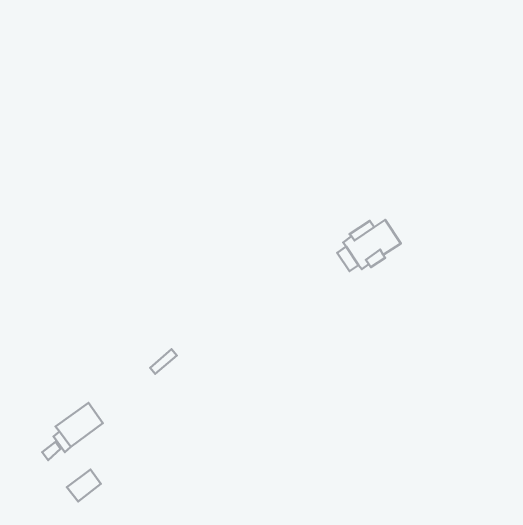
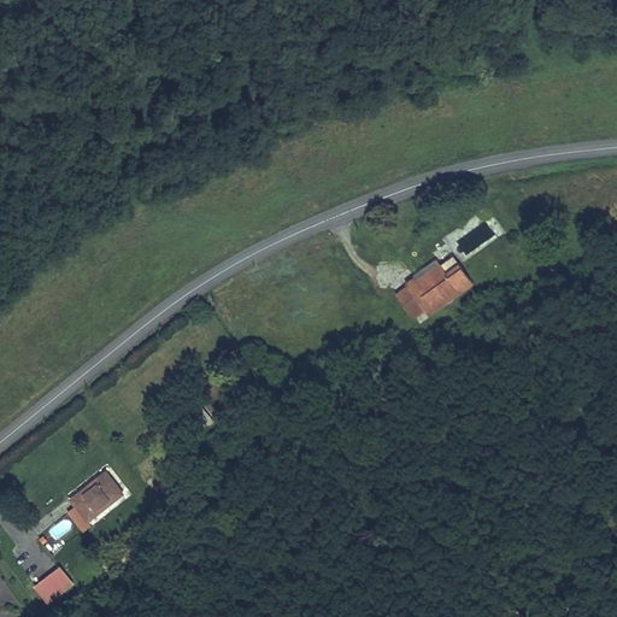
building: [67,470,101,501] -> [33,568,72,605]

